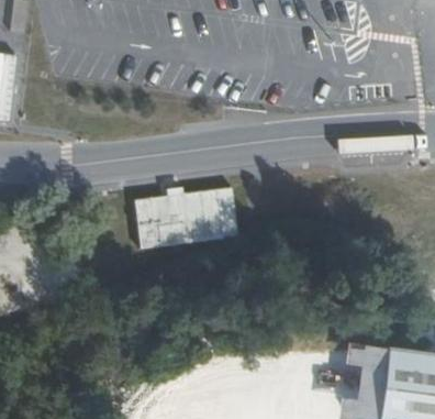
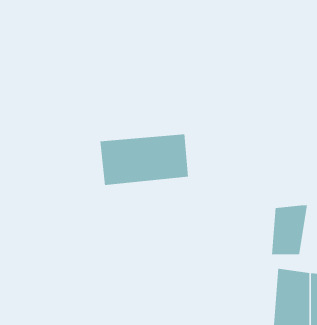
building: none -> [271,204,308,255]

